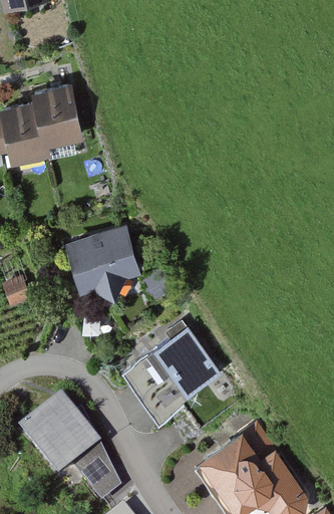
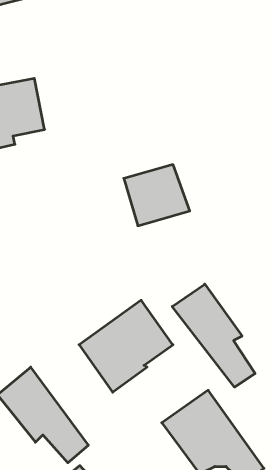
building: [74,226,145,292] -> [124,165,190,226]
building: none -> [172,284,255,387]

